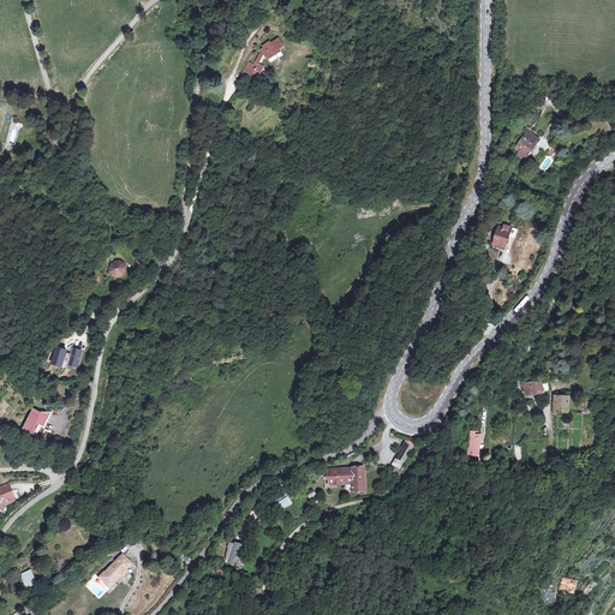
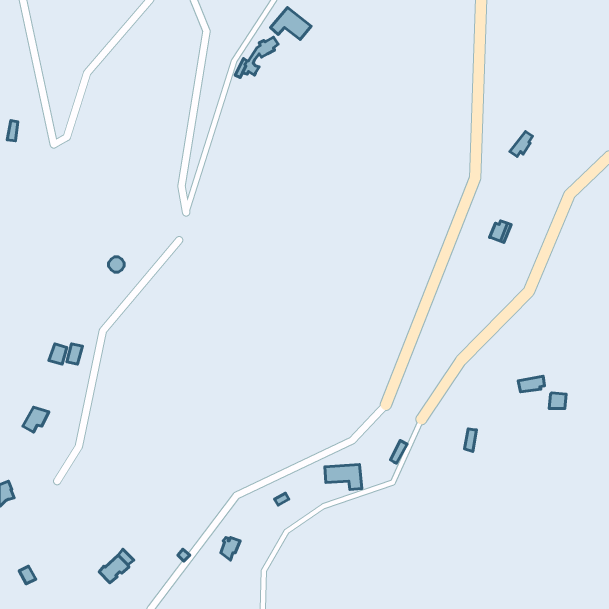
building: none -> [270,7,311,40]

